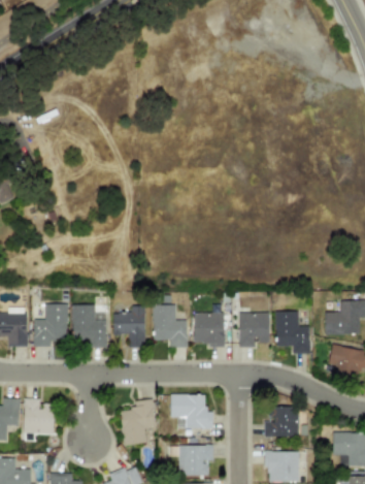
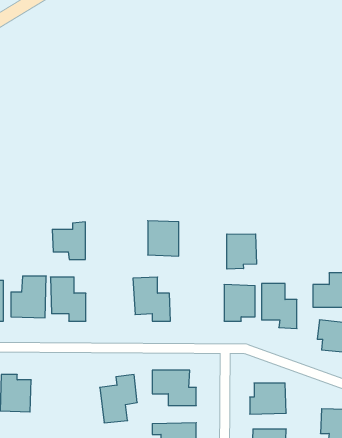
building: none -> [227,234,257,269]
building: [113,305,145,342] -> [52,222,85,259]
building: [195,312,225,346] -> [148,221,179,256]

